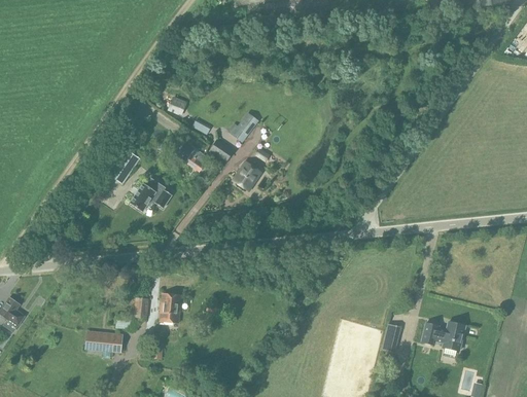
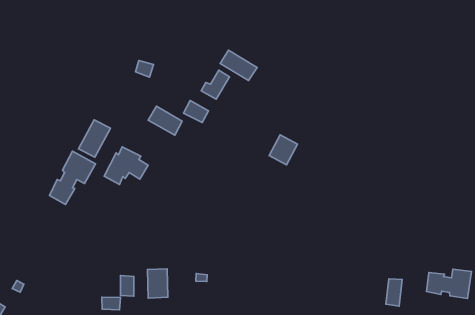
building: none -> [220,50,257,81]
building: [232,160,259,189] -> [269,135,298,165]
building: none -> [50,151,95,204]

